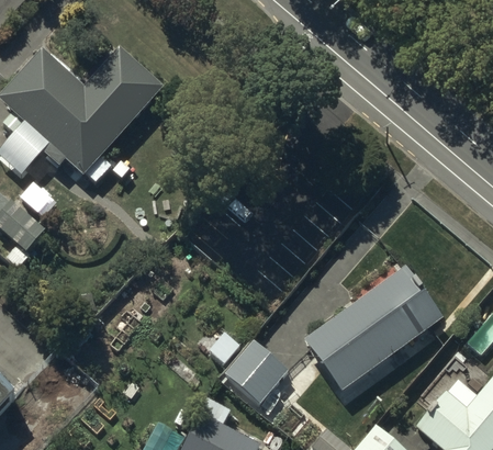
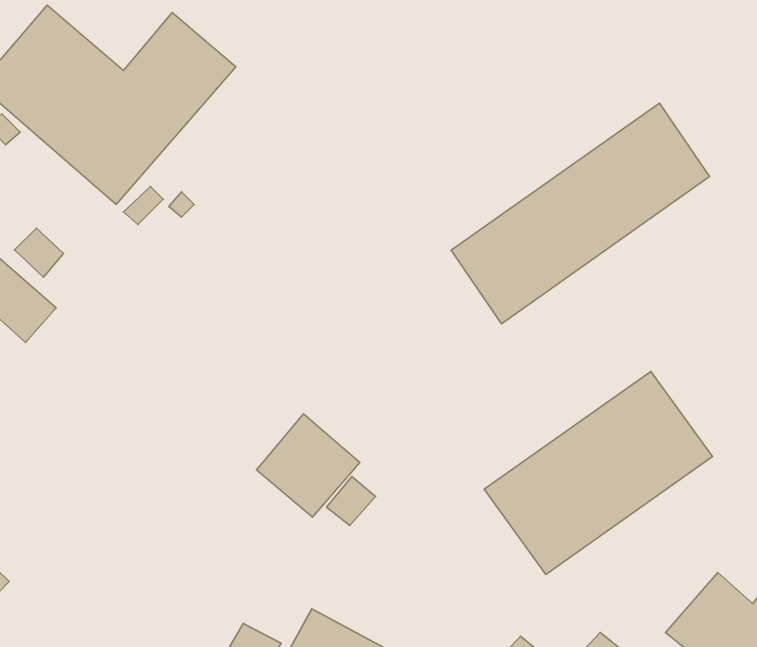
building: none -> [451,103,710,324]
building: [226,339,289,402] -> [256,414,360,517]

